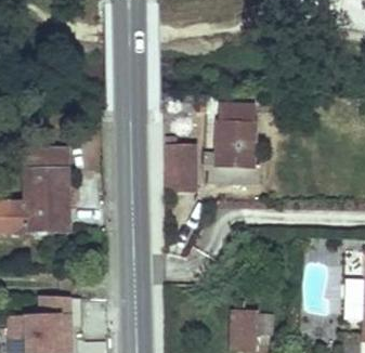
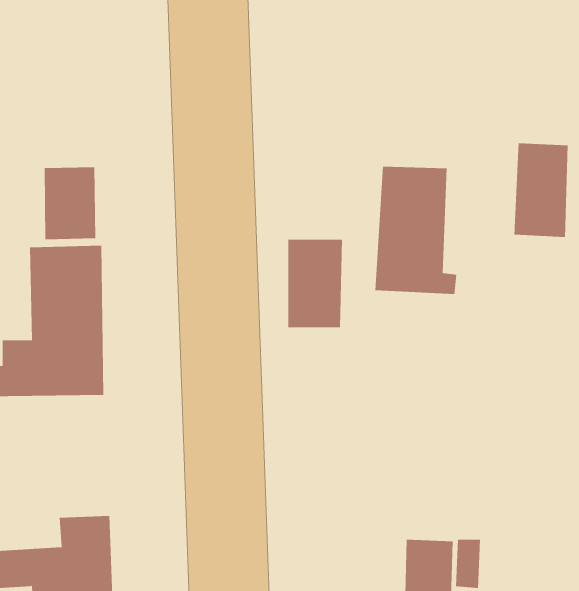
building: none -> [514,142,568,238]
building: none -> [44,166,96,240]

